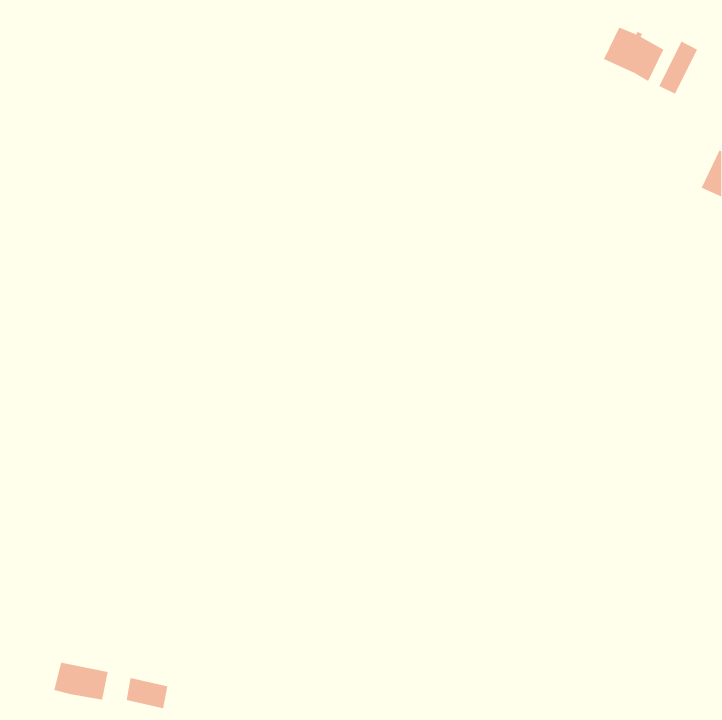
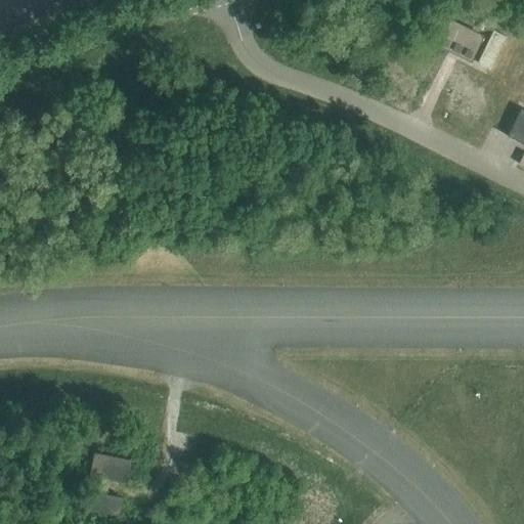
building: [53,662,109,700] -> [90,454,130,482]

